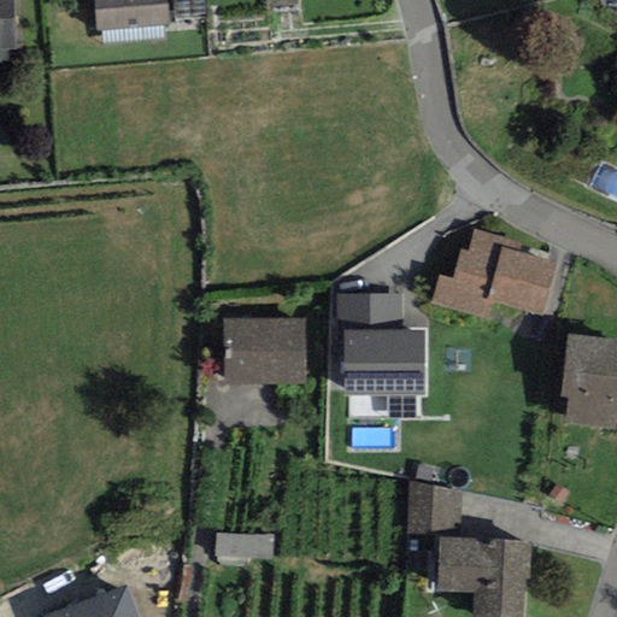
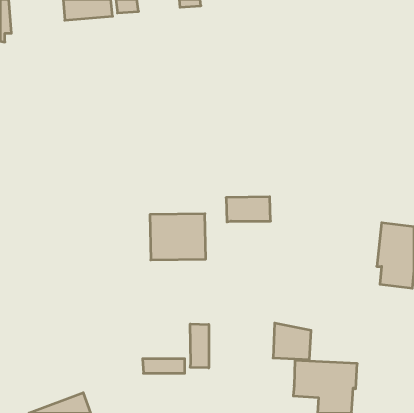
building: [429,229,556,317] -> none
building: [343,328,425,395] -> none
building: none -> [190,324,209,368]

